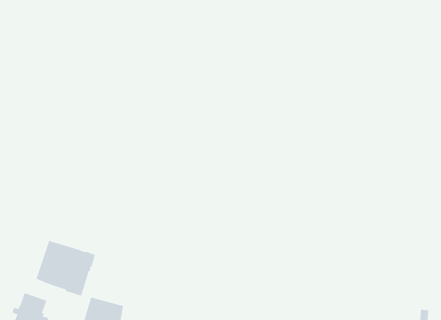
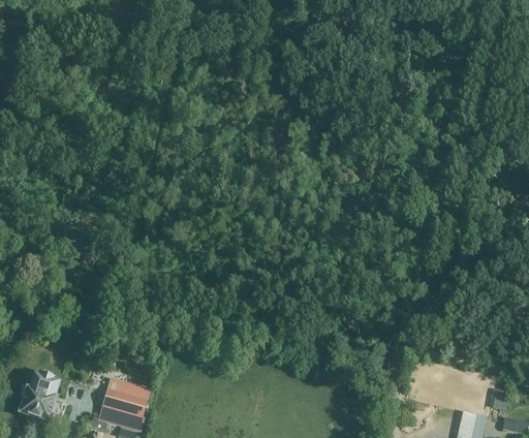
building: [36,240,95,296] -> none

